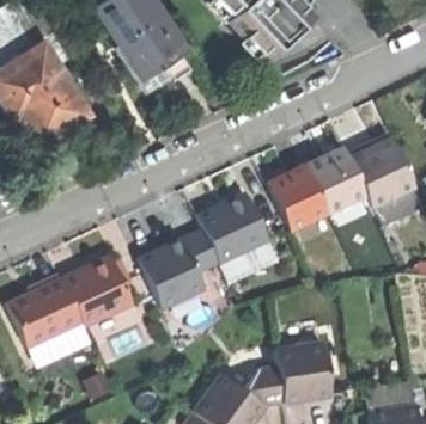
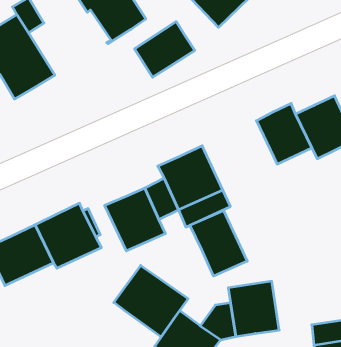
building: none -> [135,22,195,77]
building: [269,165,329,231] -> none
building: none -> [190,210,247,276]
building: none -> [114,265,188,337]

